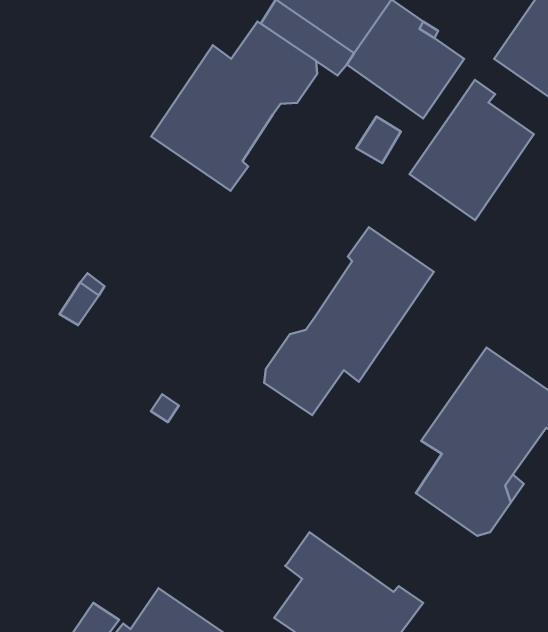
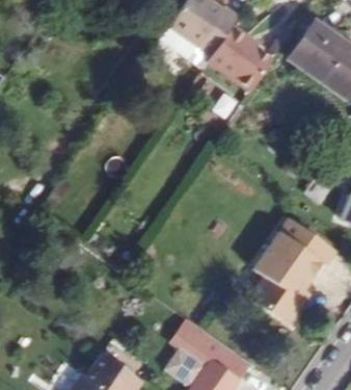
building: [151,21,317,191] -> none
building: [409,80,534,220] -> none
building: [264,227,434,415] -> none

